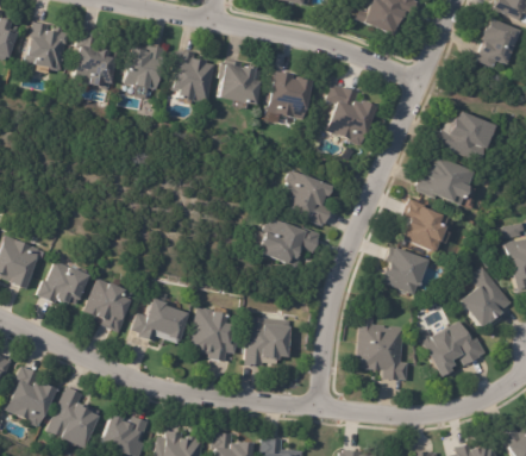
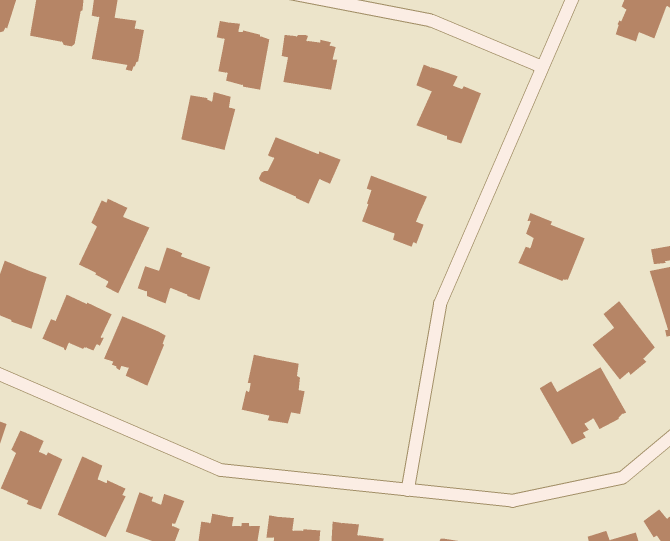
building: [124,44,167,89] -> [180,92,236,150]
building: [269,70,315,118] -> none
building: [437,111,500,162] -> none
building: [418,155,478,205] -> none
building: none -> [78,198,150,294]
building: [257,217,321,269] -> [258,136,341,204]
building: [384,246,432,294] -> none
building: [129,299,186,343] -> [137,247,211,304]
building: [357,316,409,380] -> none
building: [245,317,293,367] -> none

